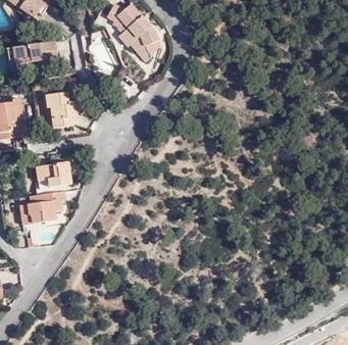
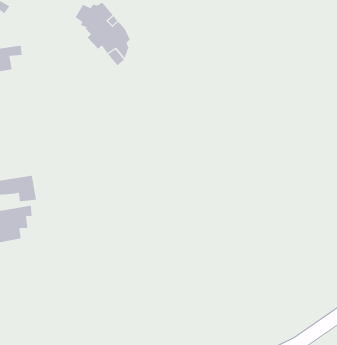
building: [43,92,78,128] -> none

